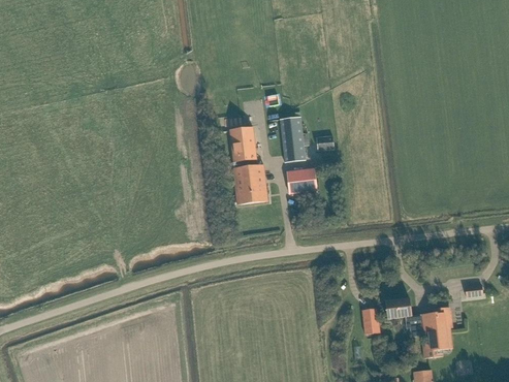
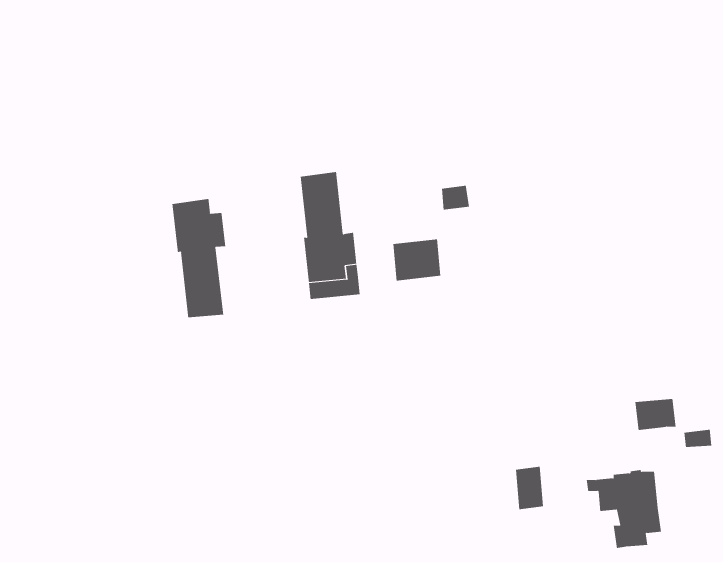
building: [280,117,309,162] -> none
building: none -> [172,198,226,318]
building: [386,298,412,318] -> [634,398,676,430]

